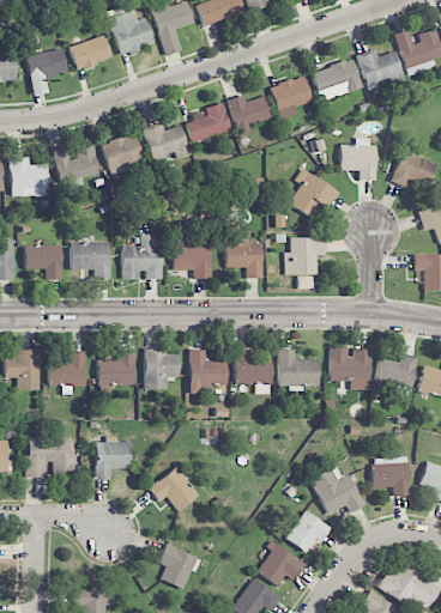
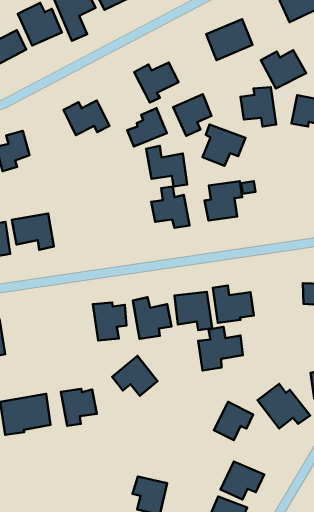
building: [357,50,405,91] -> [261,50,306,89]
building: [271,77,312,120] -> [173,94,211,136]
building: [188,103,231,141] -> [127,108,167,147]
building: [103,135,144,171] -> none
building: [171,232,211,279] -> [146,146,187,186]
building: [122,235,163,280] -> none
building: [330,348,370,390] -> none
building: [49,351,86,387] -> none
building: [98,351,135,394] -> none
building: none -> [198,327,243,371]
building: [149,467,198,511] -> [112,356,157,396]
building: [286,510,332,553] -> [214,402,253,440]

